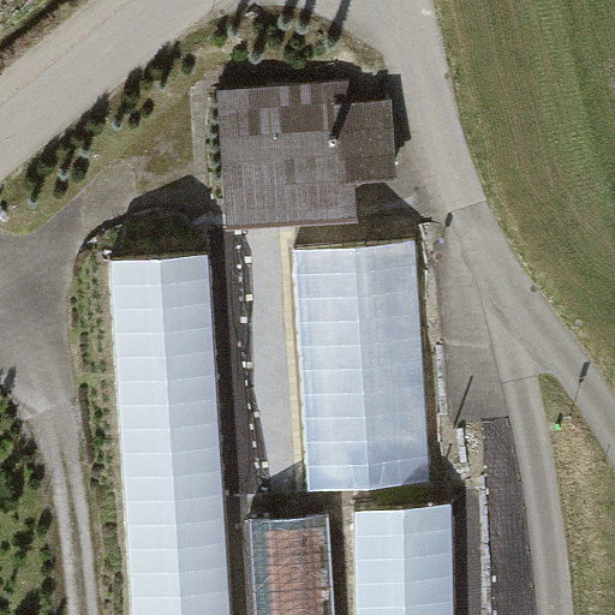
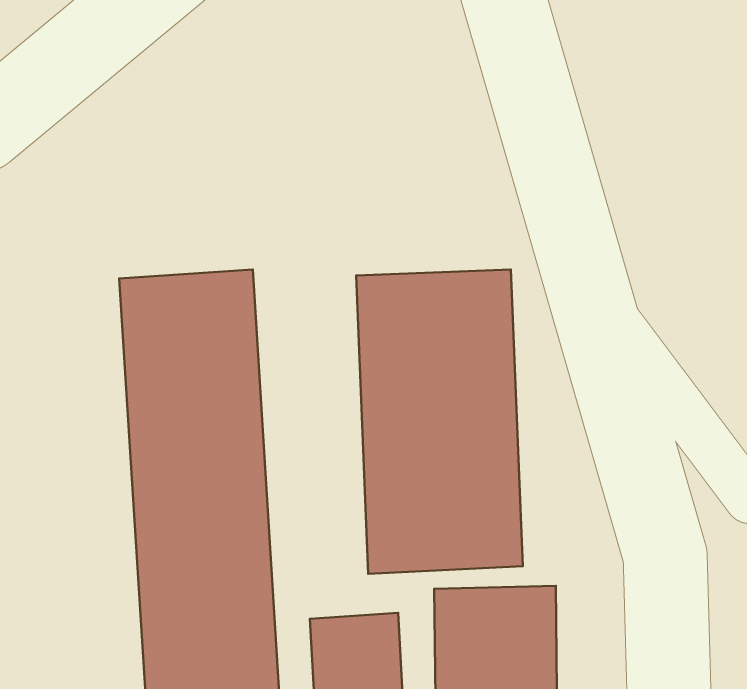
building: [221,86,399,226] -> none

